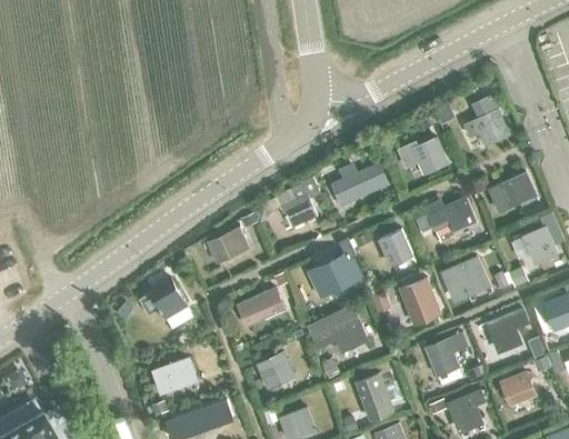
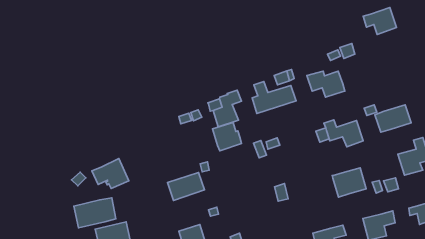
building: [465,111,508,147] -> [363,8,396,34]
building: [208,228,250,262] -> none
building: [379,229,412,263] -> none
building: [313,257,352,295] -> [212,122,242,151]
building: [399,279,439,323] -> none
building: [306,305,366,351] -> none
building: none -> [74,198,116,228]

